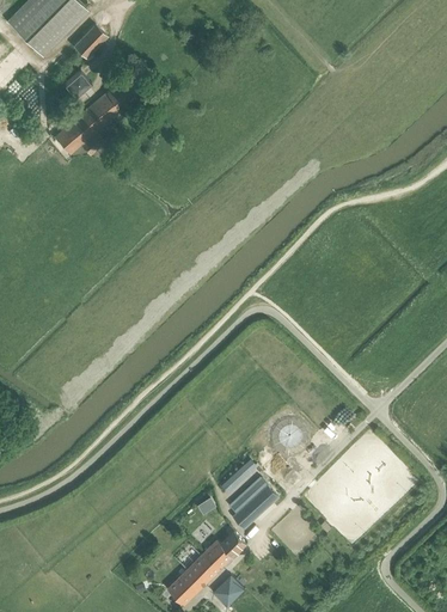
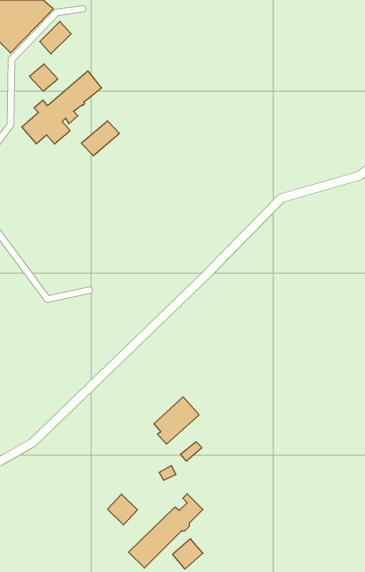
building: none -> [81,121,120,156]
building: [229,478,277,528] -> [154,397,199,444]
building: none -> [108,494,137,525]

